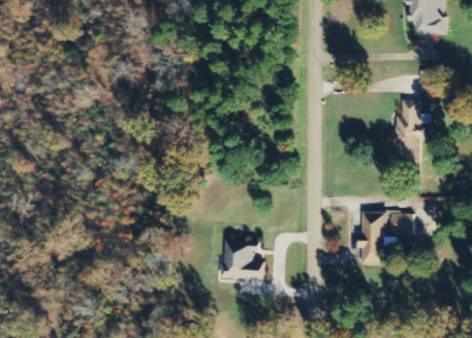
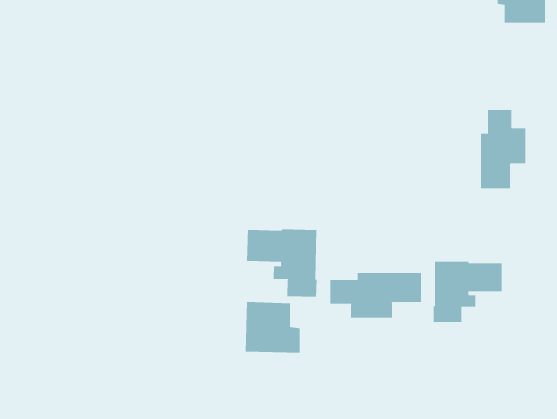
building: none -> [247,228,317,297]
building: none -> [330,272,421,318]

